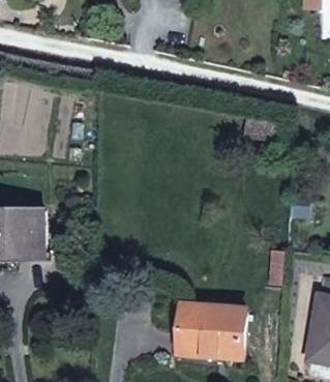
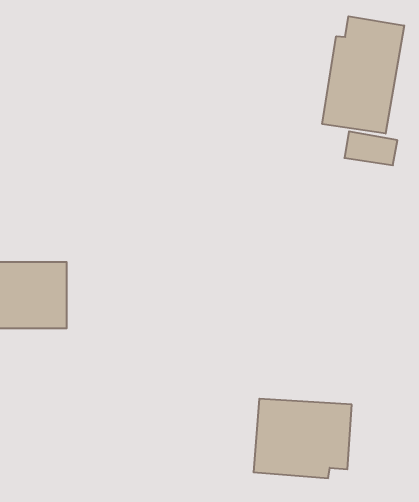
building: none -> [322,16,404,134]

